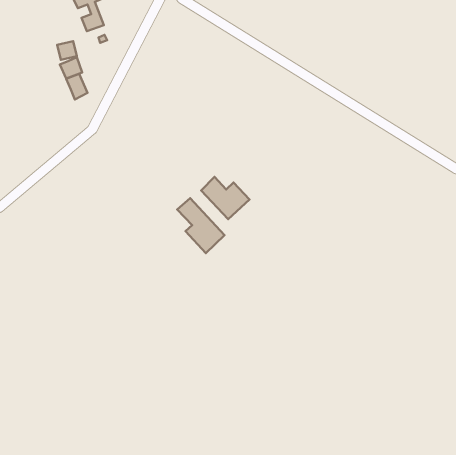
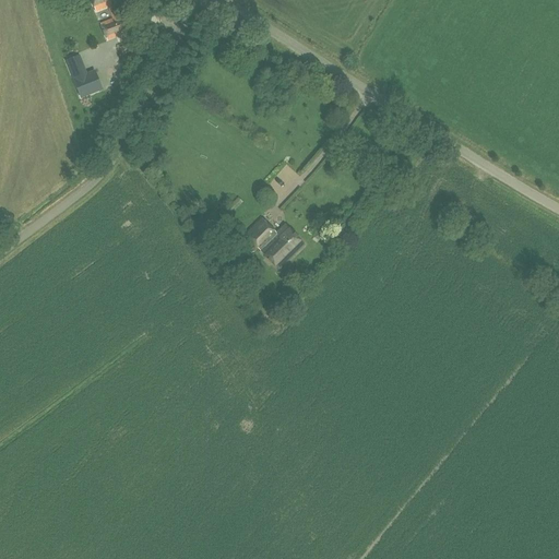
building: [66,74,88,100] -> none
building: [177,198,225,253] -> none

